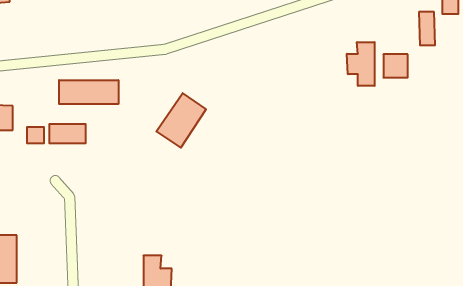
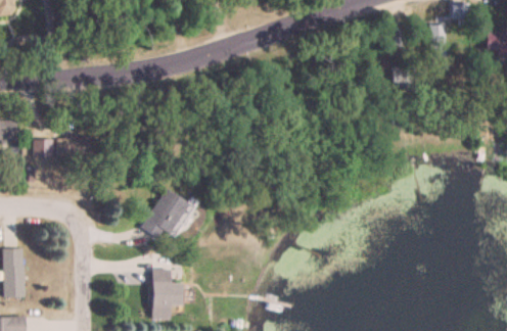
building: [347,42,375,86] -> none
building: [59,80,118,104] -> none
building: [156,93,206,148] -> [139,189,189,244]

